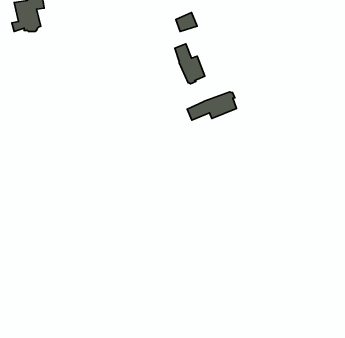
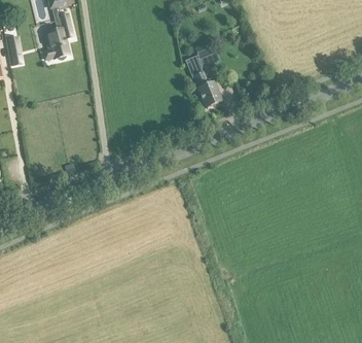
building: [187,92,237,120] -> none

